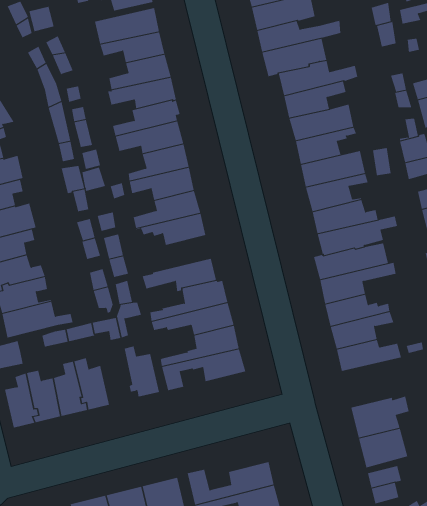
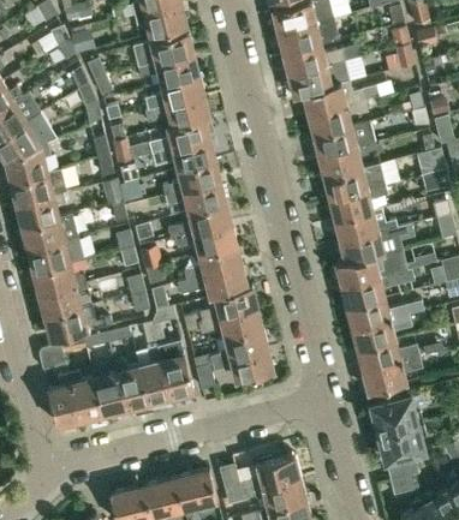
building: none -> [184,245,242,280]
building: none -> [138,346,173,404]
building: none -> [363,359,422,394]

